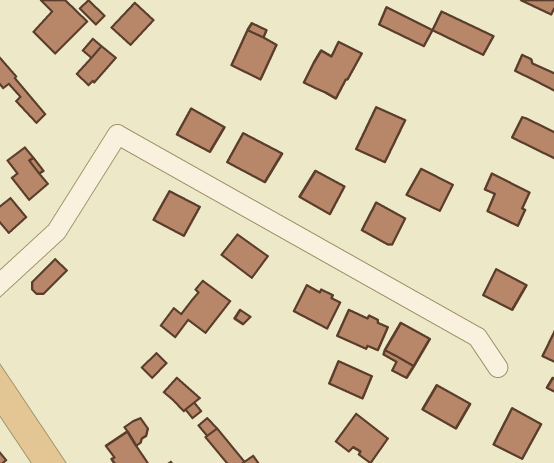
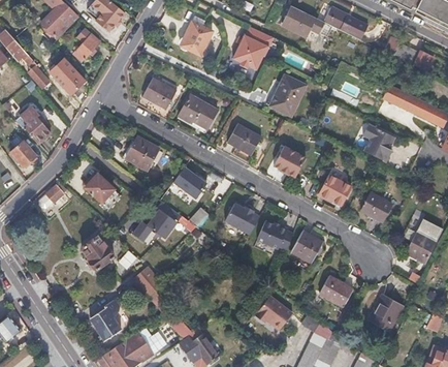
building: none -> [56,67,85,95]
building: [407,169,453,211] -> [319,175,352,205]
building: none -> [86,174,116,203]
building: none -> [82,242,109,273]
building: [329,361,372,398] -> none

